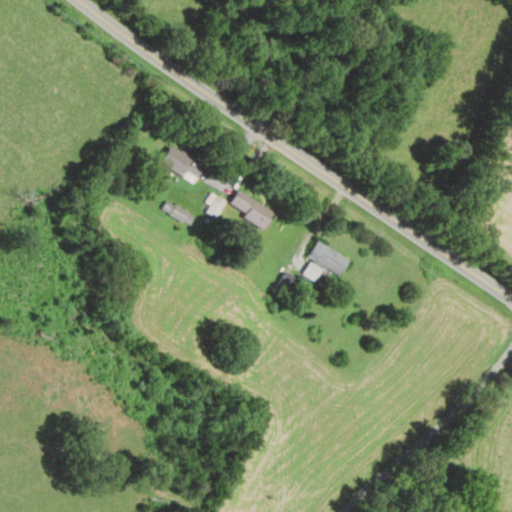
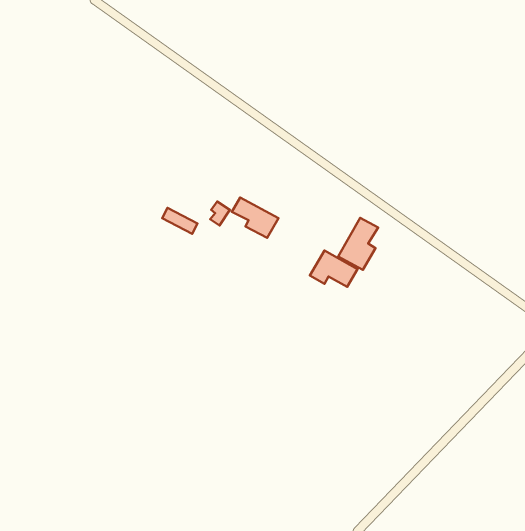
building: [159,145,205,183] -> none
building: none -> [338,218,378,270]

